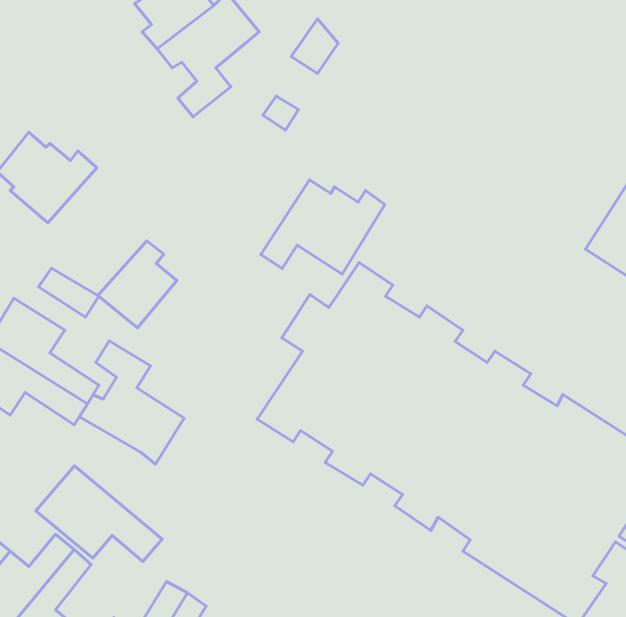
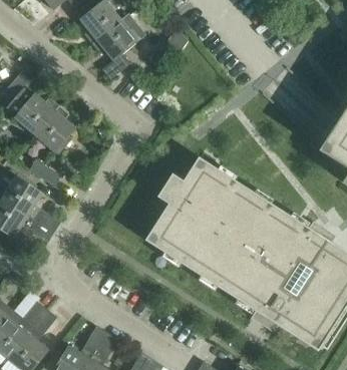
building: [261,180,385,274] -> none
building: [98,241,177,328] -> [33,105,75,151]
building: [80,341,184,464] -> none
building: [36,466,162,562] -> none

